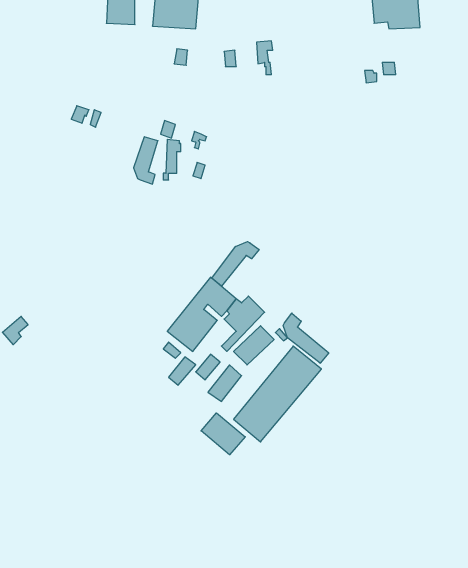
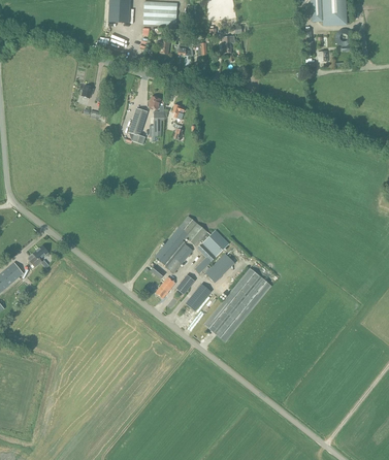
building: [212,242,259,286] -> none
building: [283,313,329,363] -> none
building: [201,413,245,455] -> none

